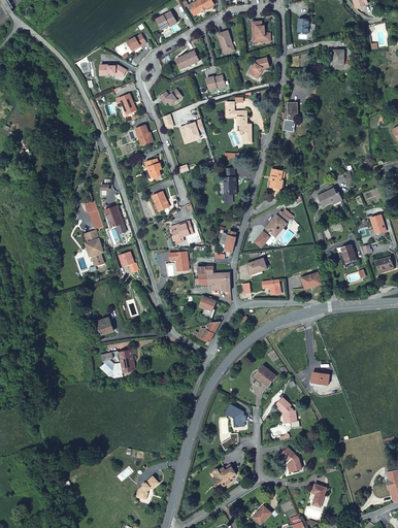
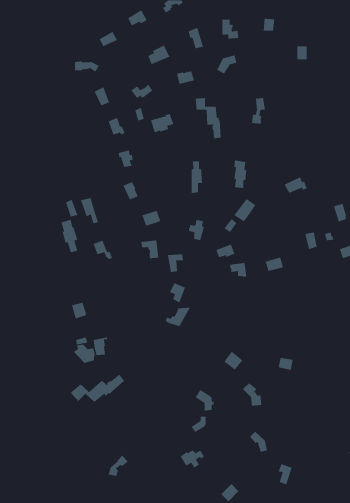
building: [206,270,230,292] -> none
building: none -> [70,374,125,403]

